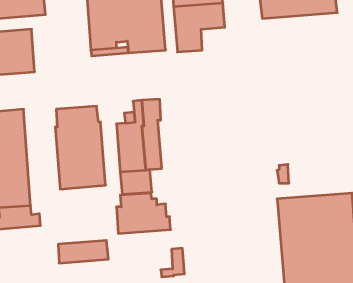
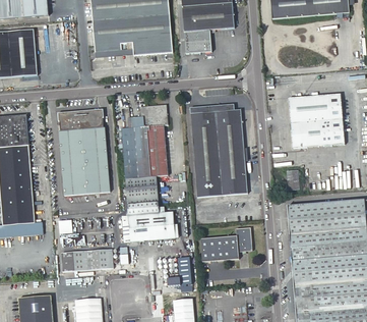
building: none -> [289,94,344,149]
building: none -> [190,105,247,198]
building: none -> [200,226,252,262]

